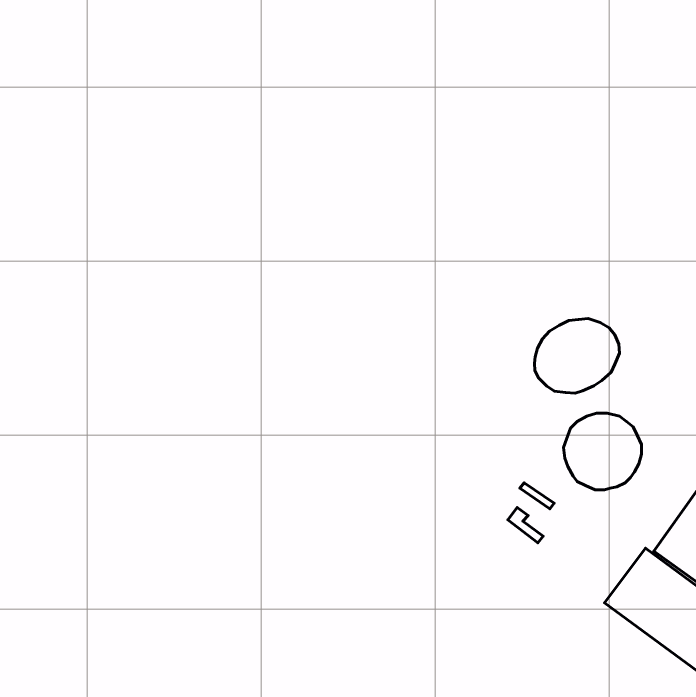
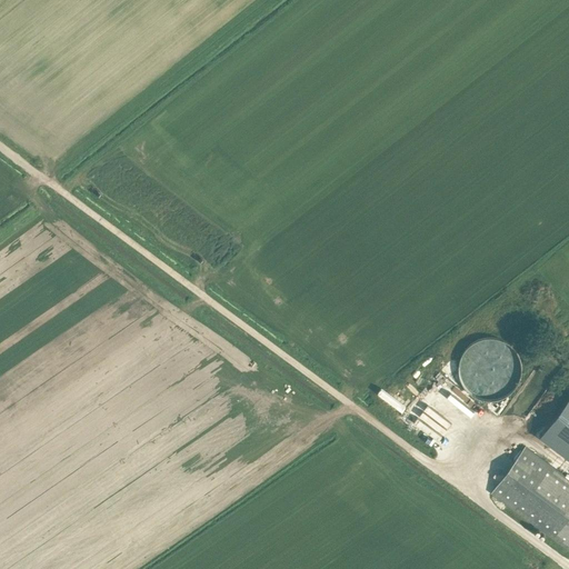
building: [534,318,619,393] -> none

